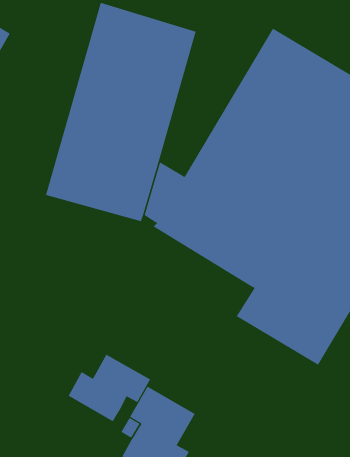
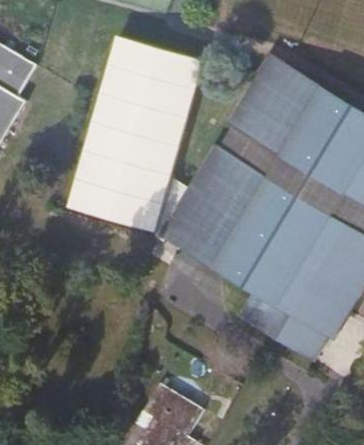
building: [68,354,151,422] -> none

